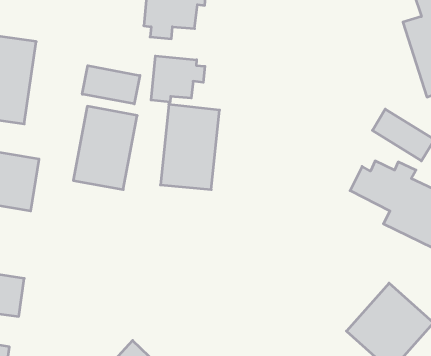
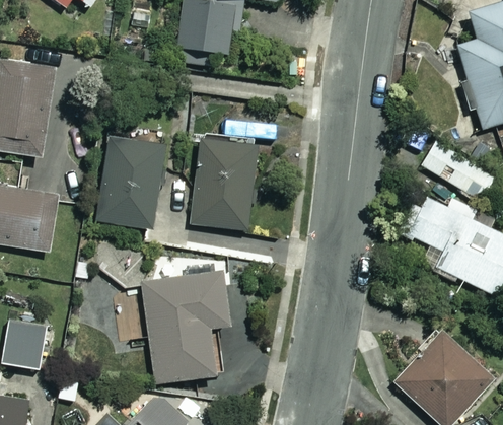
building: [151,56,205,102] -> none
building: [82,66,140,104] -> none
building: none -> [142,261,230,382]

